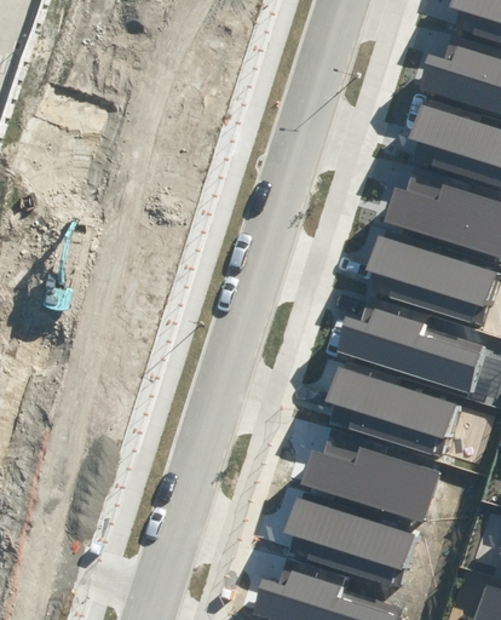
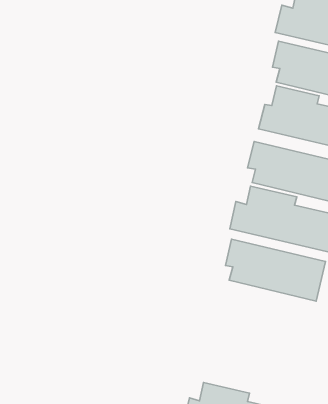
building: [301,426,438,523] -> none
building: [283,496,421,590] -> none

